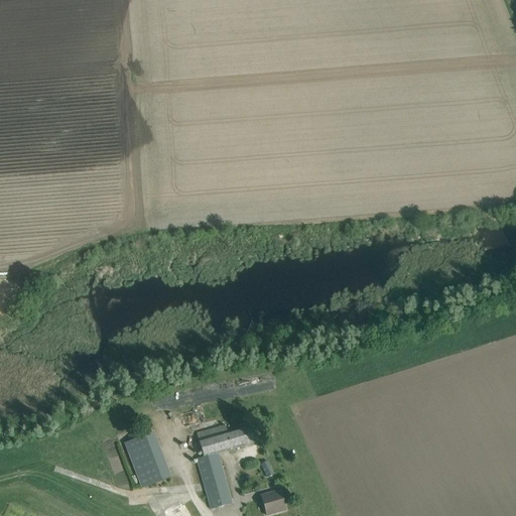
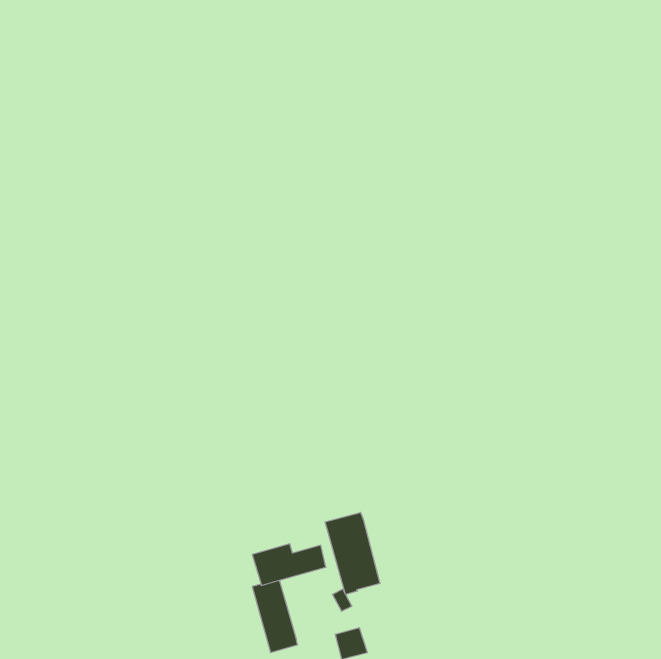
building: none -> [325,512,380,594]
building: [125,430,172,487] -> none

